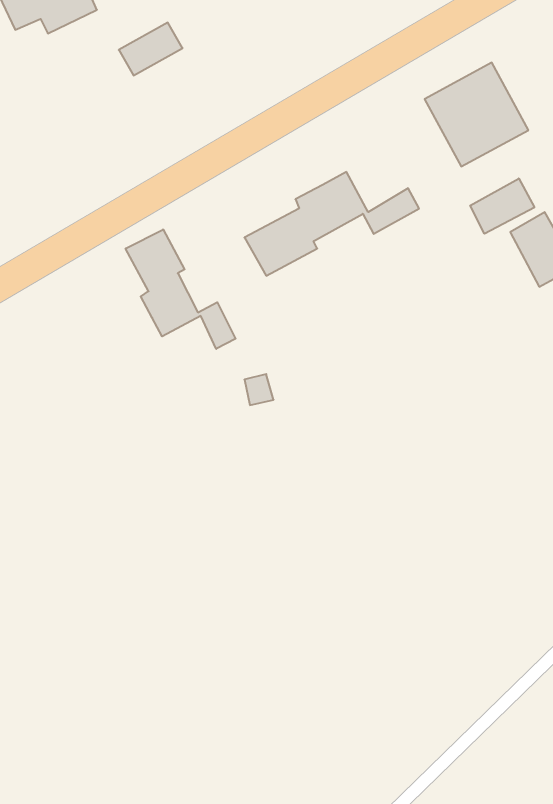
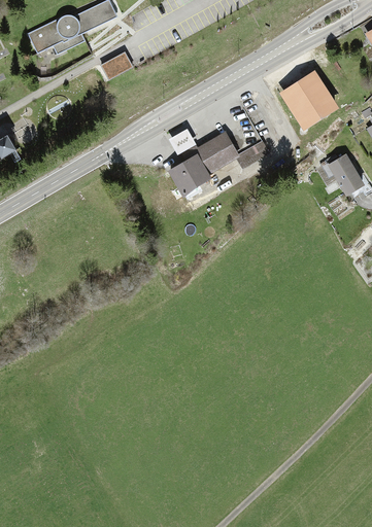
building: [470,178,534,234] -> none
building: [126,229,236,349] -> none

